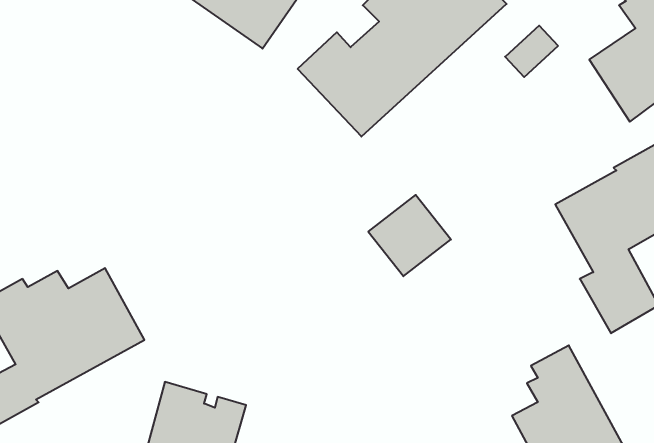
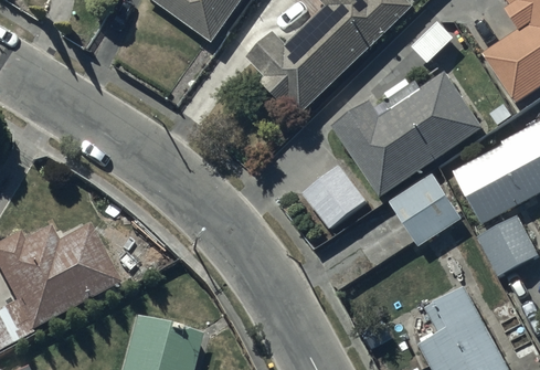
building: none -> [332,70,486,195]
building: none -> [389,171,464,246]

